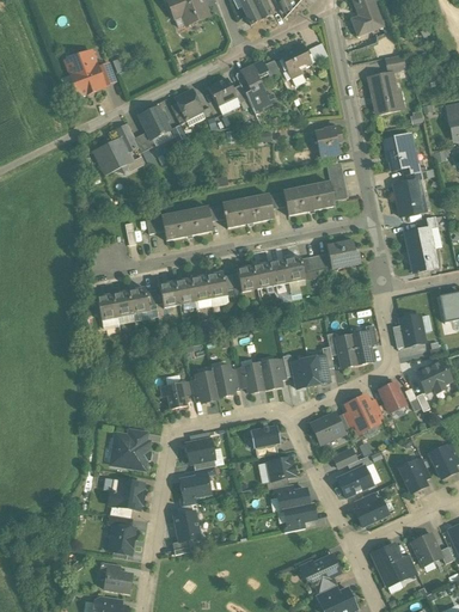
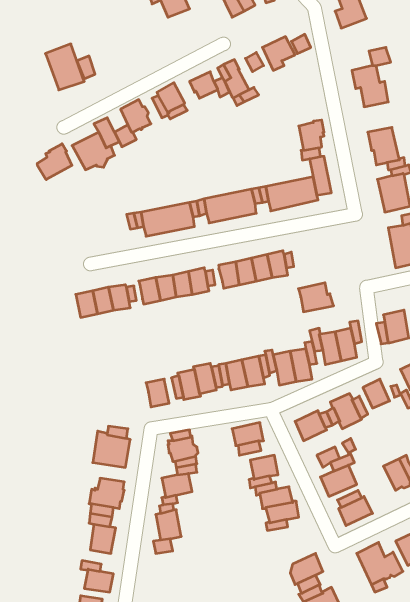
building: none -> [37,144,72,180]
building: [326,239,361,268] -> [298,283,334,312]

